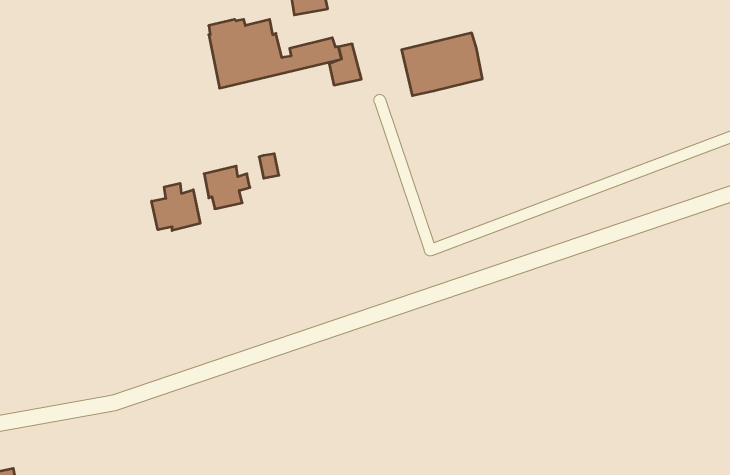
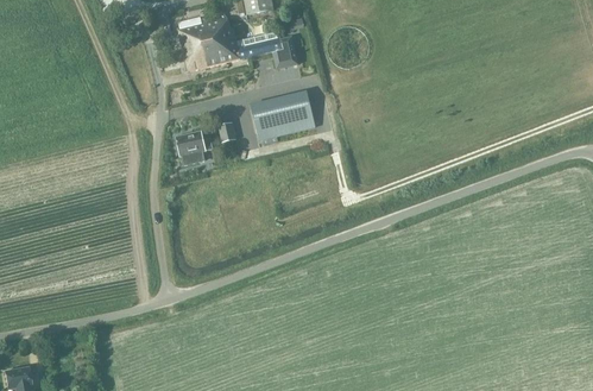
building: [402,33,482,96] -> [251,92,314,140]
building: [152,183,200,231] -> none

